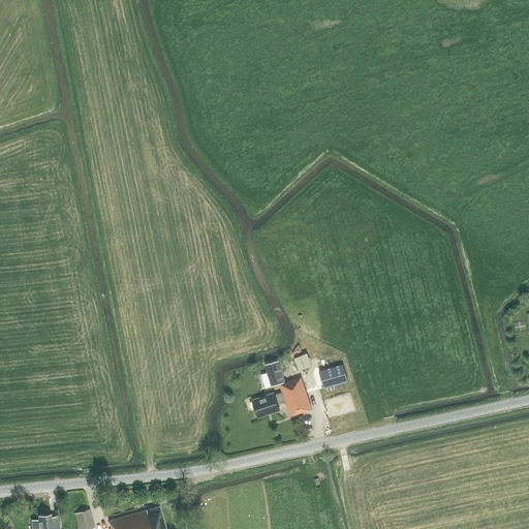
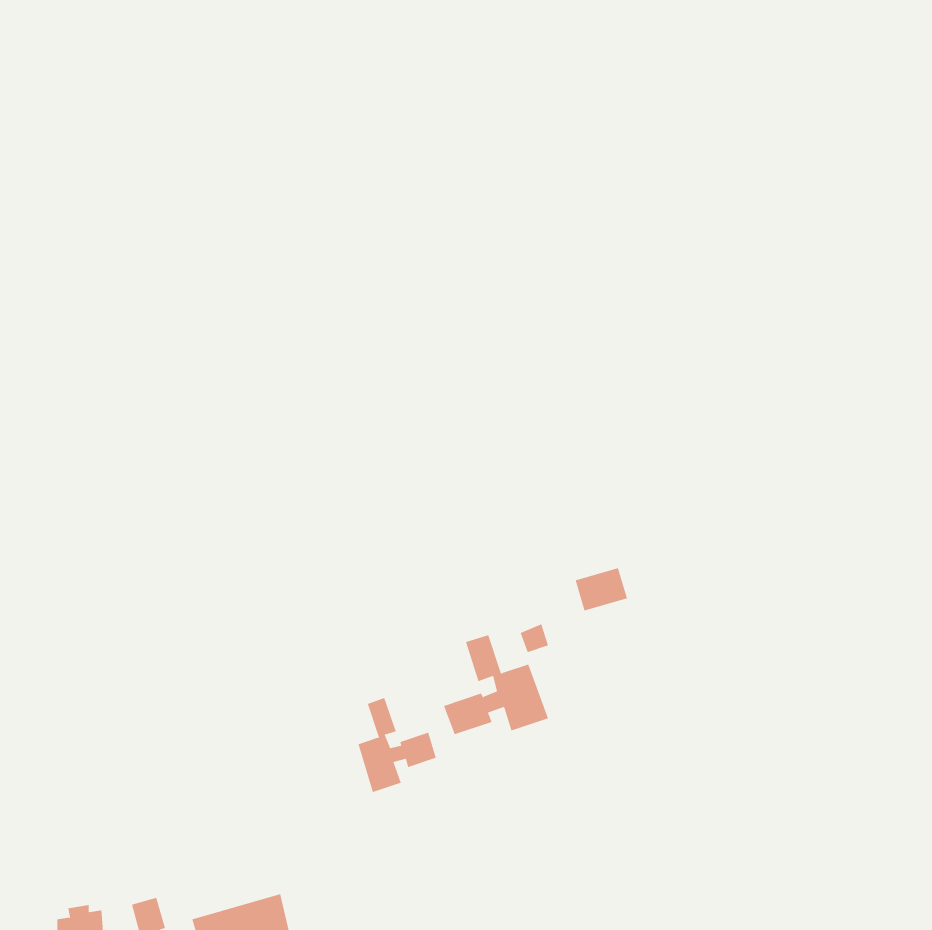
building: [317,360,347,384] -> [575,567,628,611]
building: none -> [358,697,436,793]

